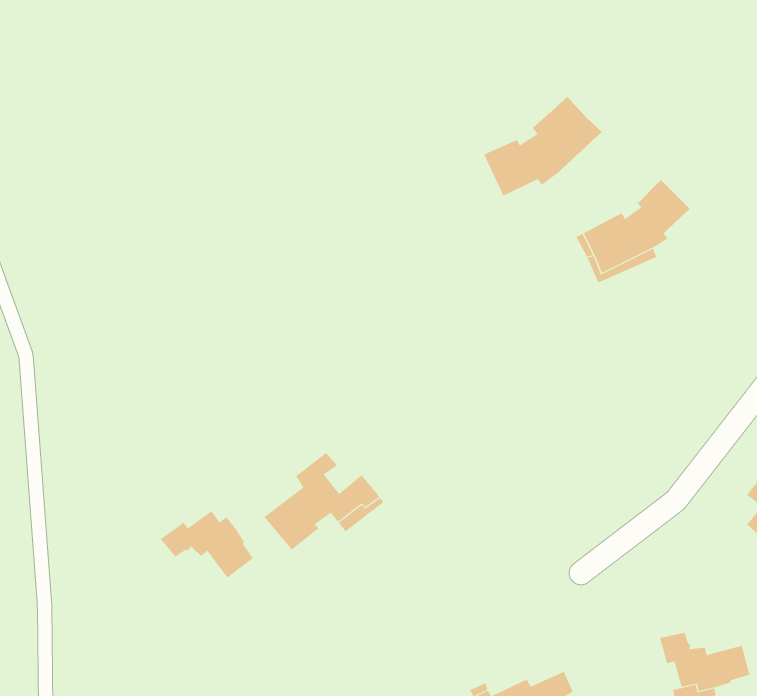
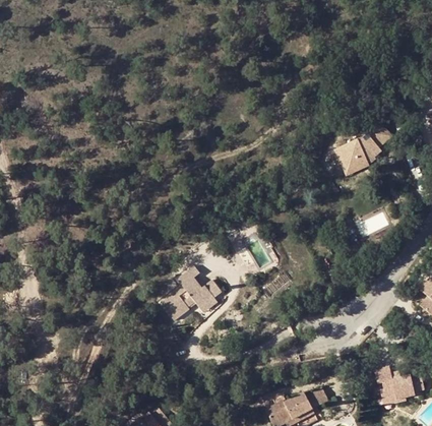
building: [484,96,603,197] -> none
building: [160,510,254,579] -> none

